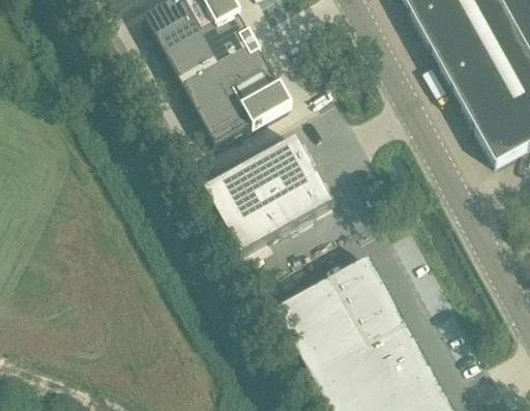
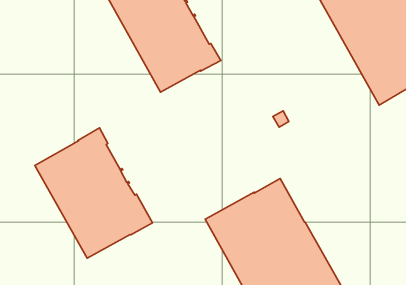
building: [203,133,332,251] -> none
building: none -> [35,128,153,258]

